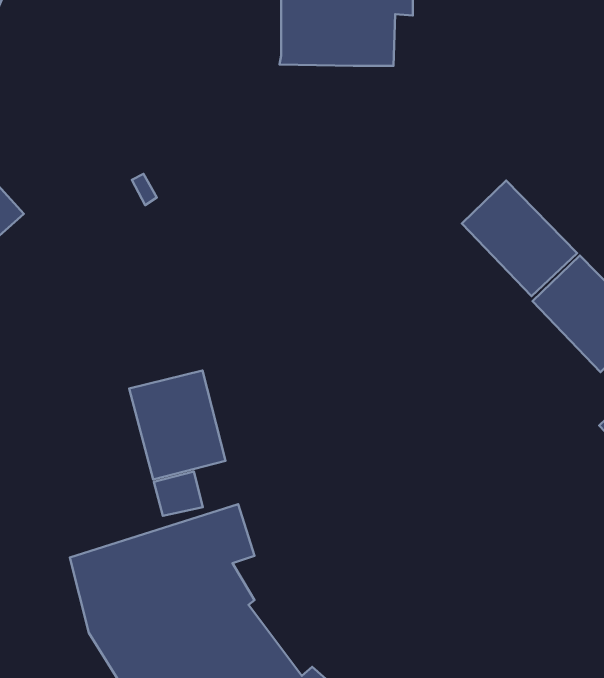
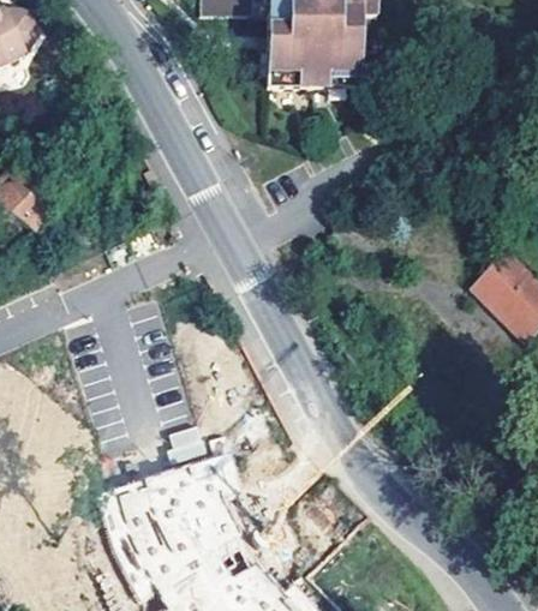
building: [462,180,577,296] -> none
building: [129,371,225,479] -> none

